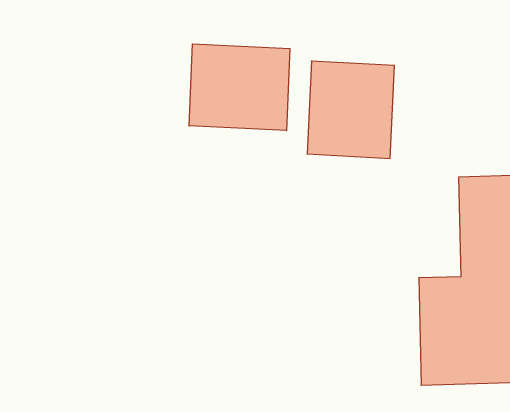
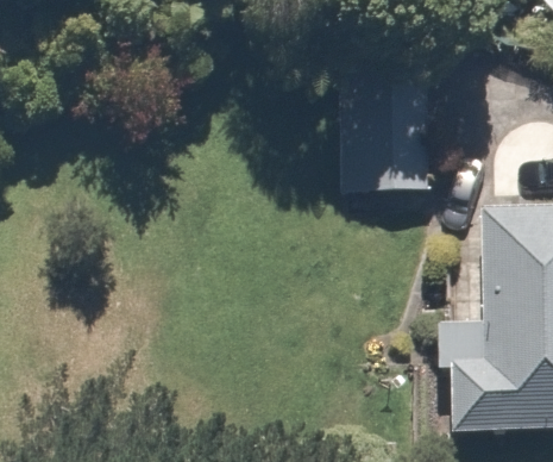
building: [189,44,290,131] -> none

